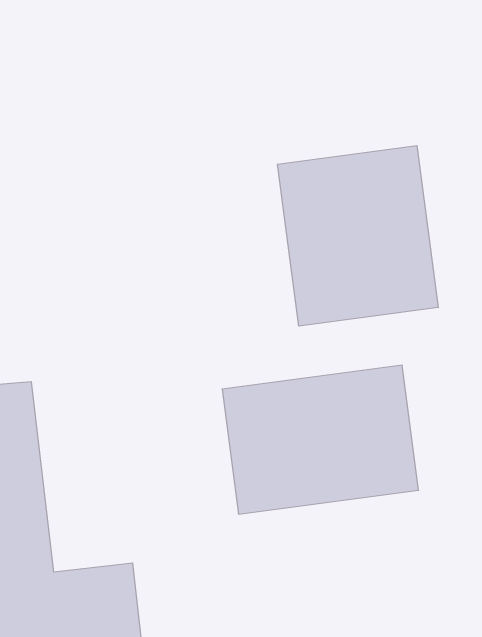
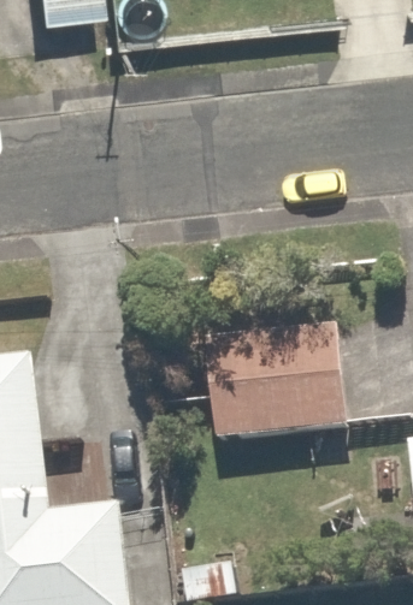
building: [277,146,438,326] -> none

